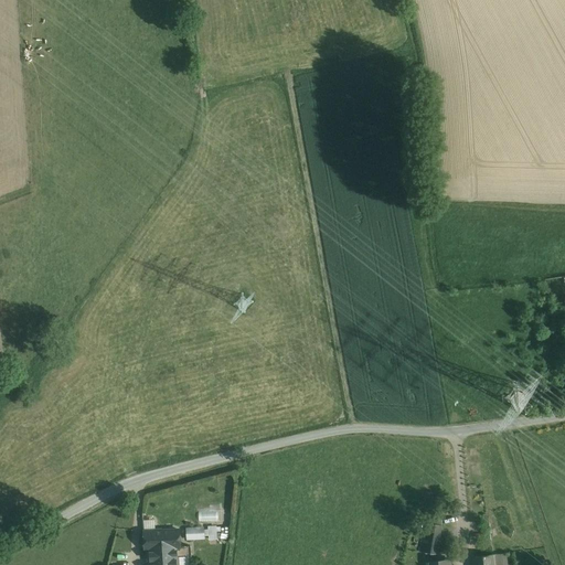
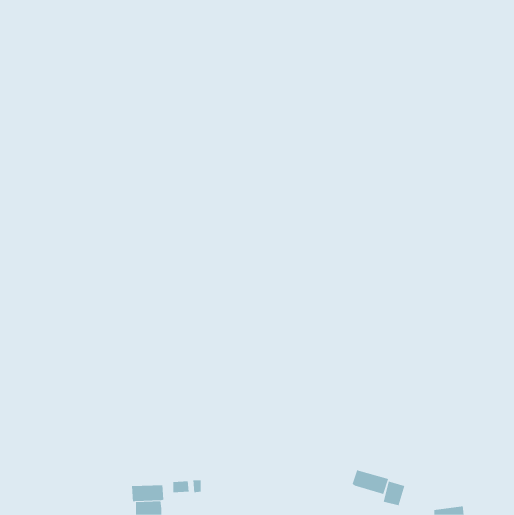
building: none -> [352,469,389,495]

